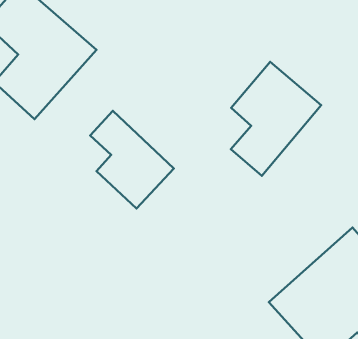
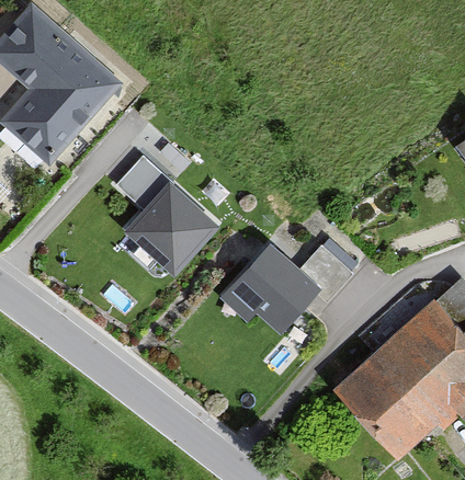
building: [231,62,321,176] -> none
building: none -> [219,242,354,335]

